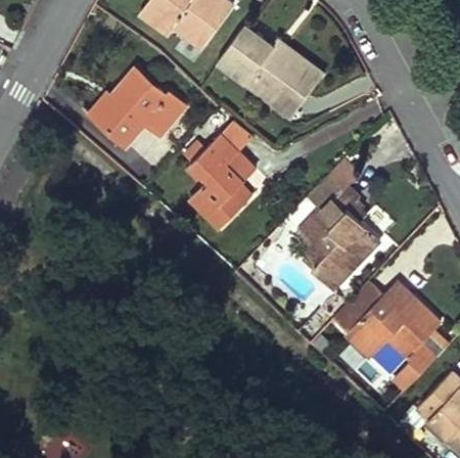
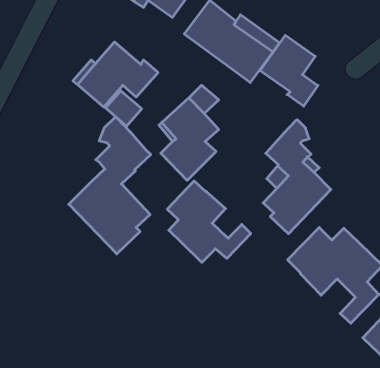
building: none -> [260,35,318,106]
building: none -> [69,117,151,254]
building: none -> [167,181,251,262]

